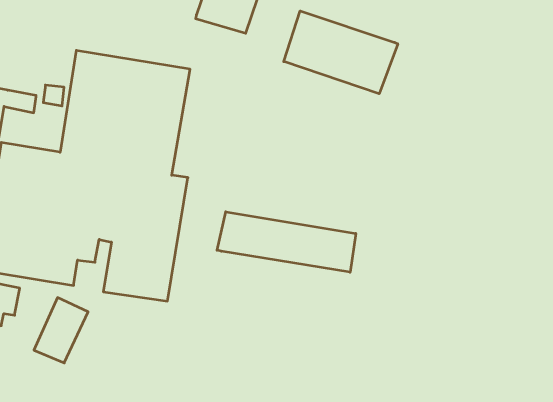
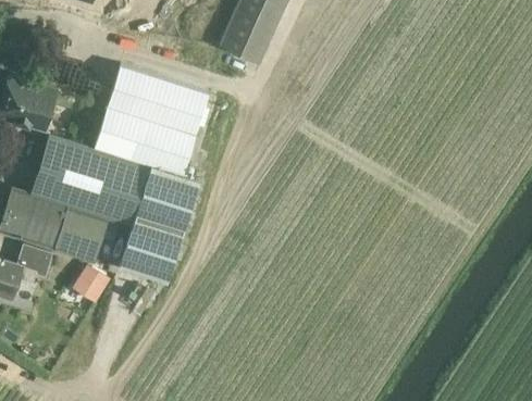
building: [284,11,398,94] -> none
building: [217,212,356,272] -> none

